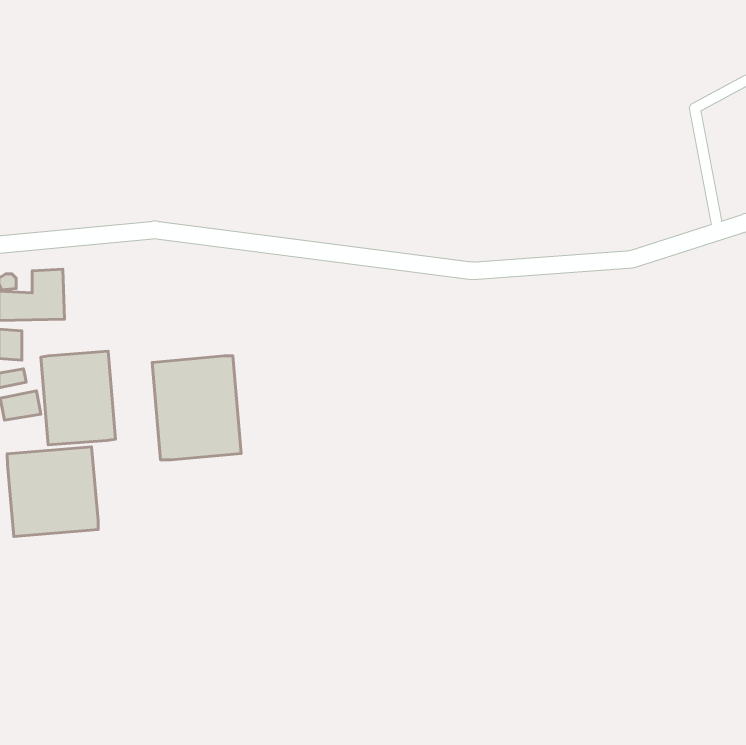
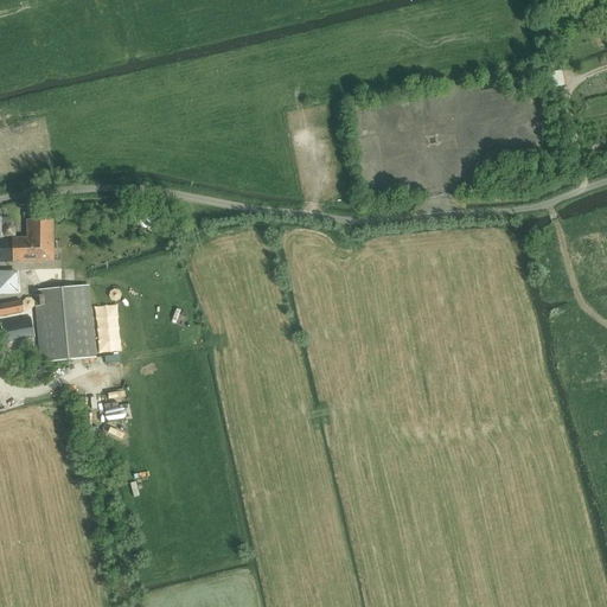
building: [152,356,241,460] -> none
building: [7,447,98,537] -> none

